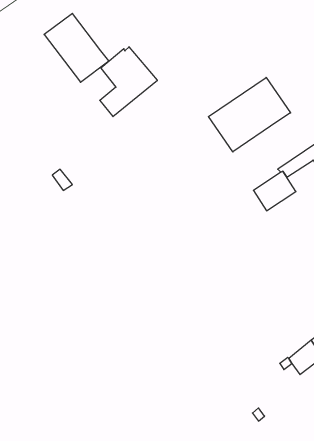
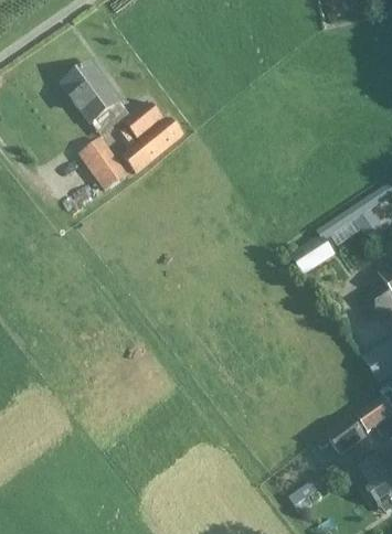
building: [208,77,291,152] -> none
building: none -> [77,137,128,191]

